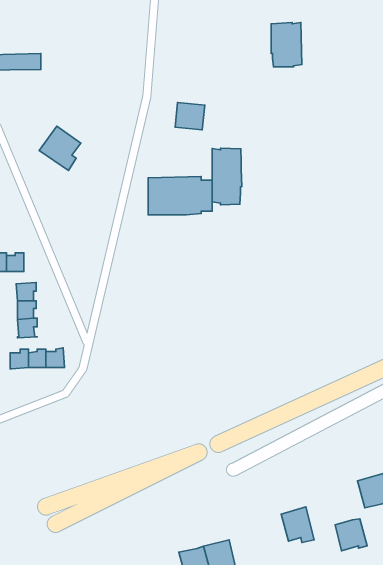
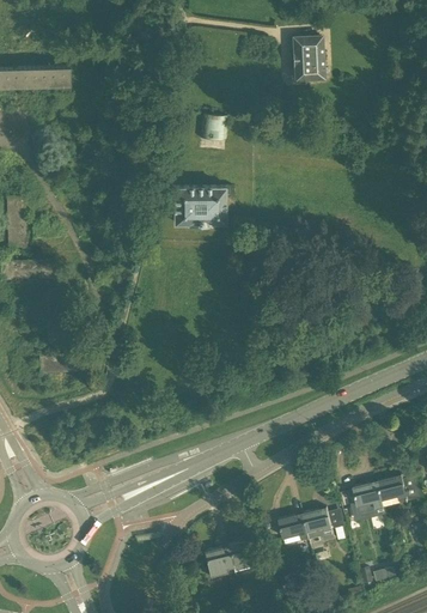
building: [39,126,81,171] -> none
building: [212,148,242,205] -> none
building: none -> [277,516,309,545]
building: [335,519,367,551] -> [352,484,383,515]

